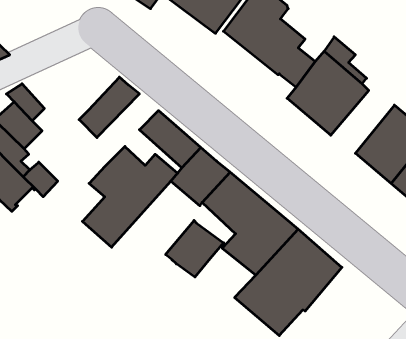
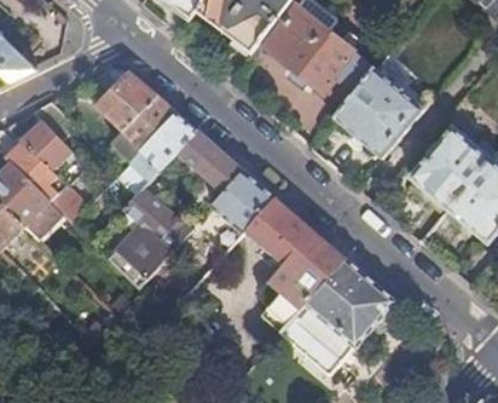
building: none -> [94,68,154,131]
building: none -> [118,113,196,191]
building: [166,220,224,277] -> none

